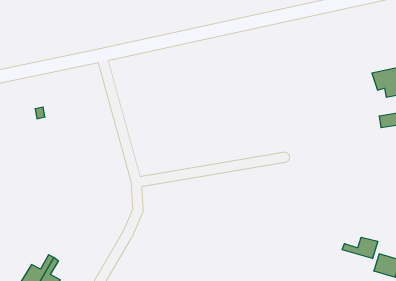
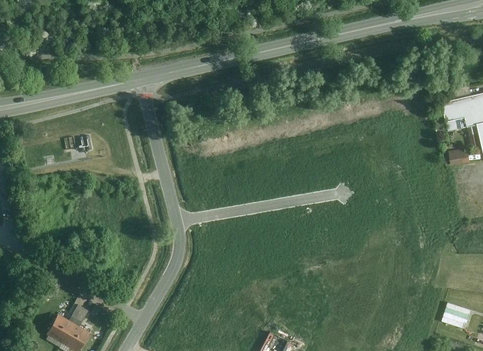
building: [342,237,378,259] -> none

